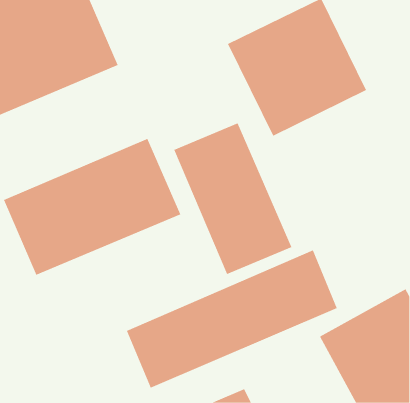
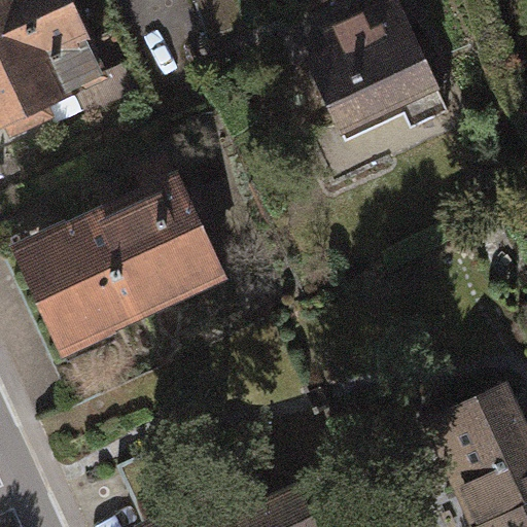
building: [173,122,292,275] -> none
building: [126,250,337,388] -> none

